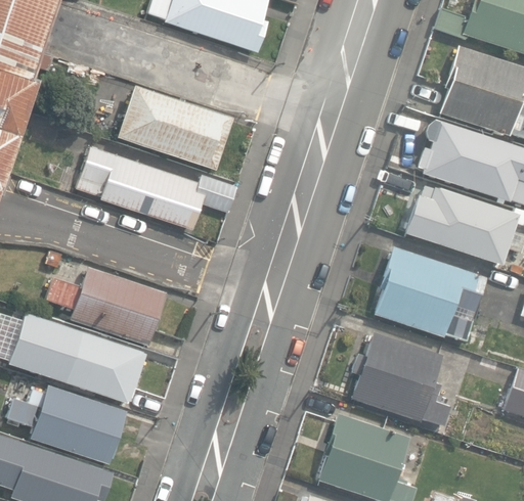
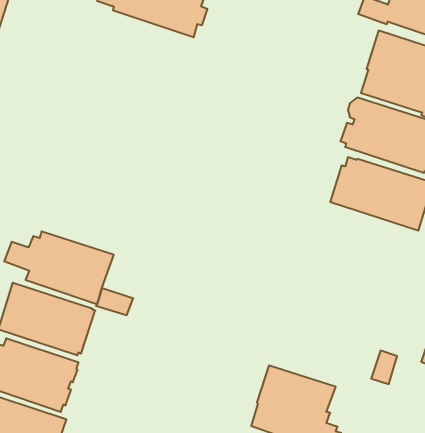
building: [116,85,231,170] -> none
building: [77,145,238,229] -> none
building: [373,245,487,339] -> none
building: [350,330,449,425] -> none

